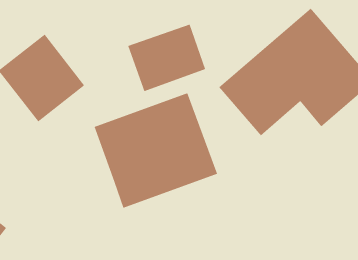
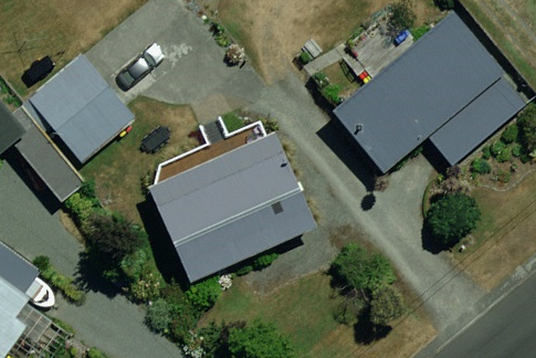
building: [127,23,206,92] -> none

